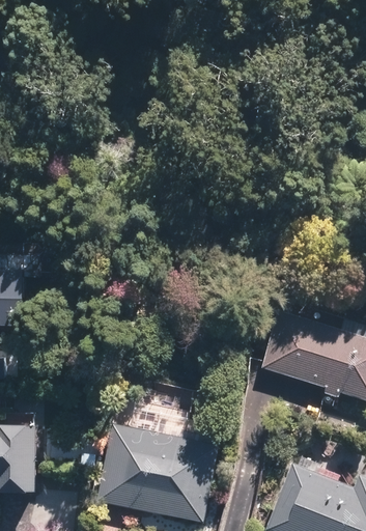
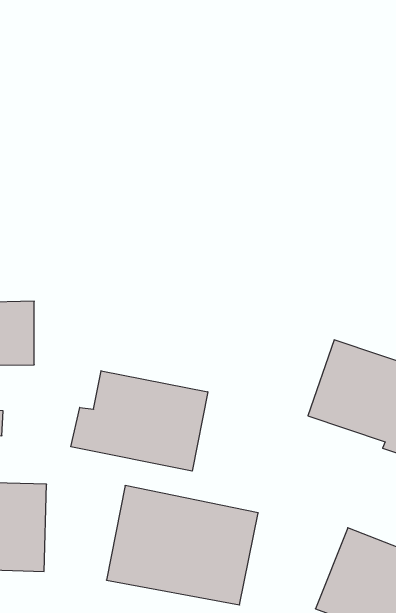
building: none -> [71,371,208,471]

